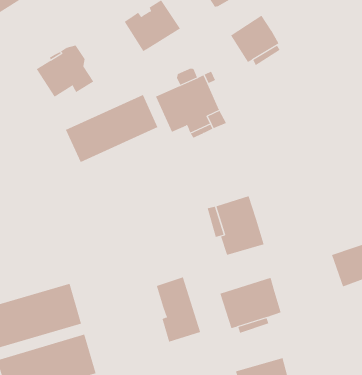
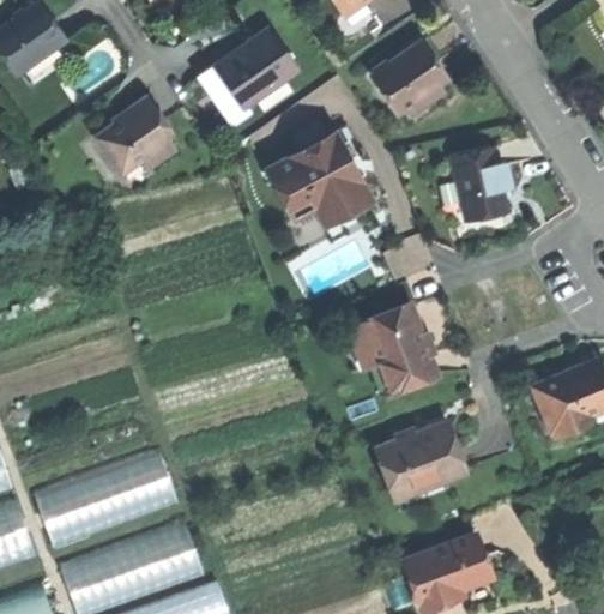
building: none -> [198,65,252,124]
building: none -> [452,146,506,221]
building: [65,94,158,163] -> none
building: [156,276,201,342] -> none

